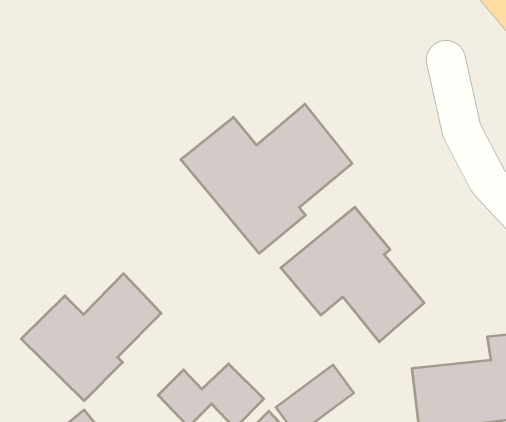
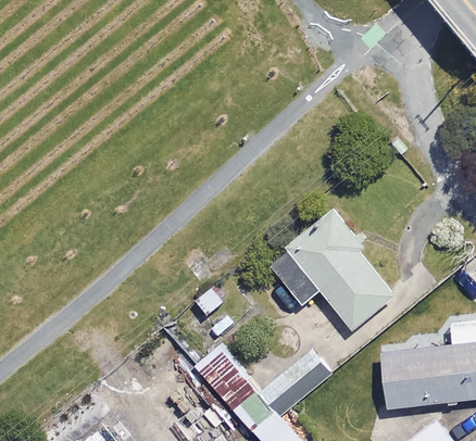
building: [181,104,352,253] -> none
building: [21,274,161,401] -> none

